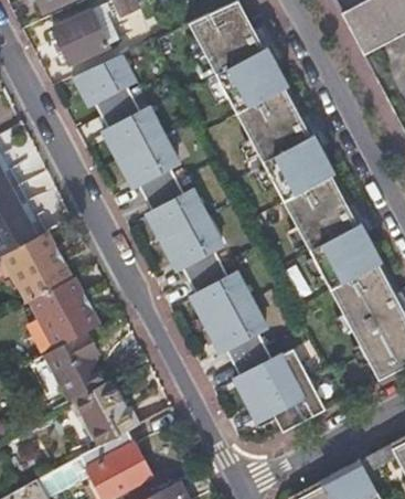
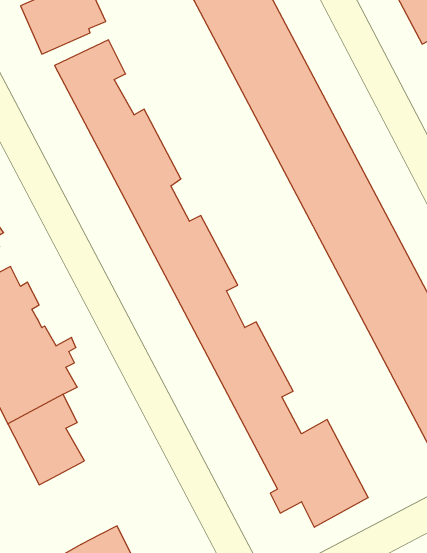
building: [75,378,140,446] -> none

